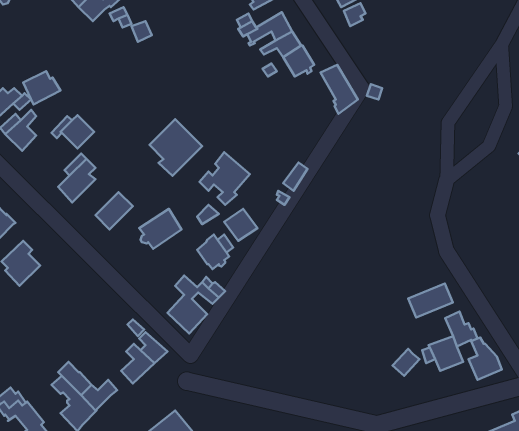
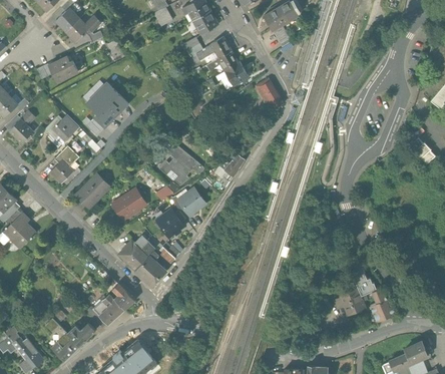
building: [23,71,60,105] -> [48,56,77,82]
building: [149,119,202,176] -> [86,82,127,126]
building: none -> [117,235,147,270]
building: [408,283,453,318] -> none

